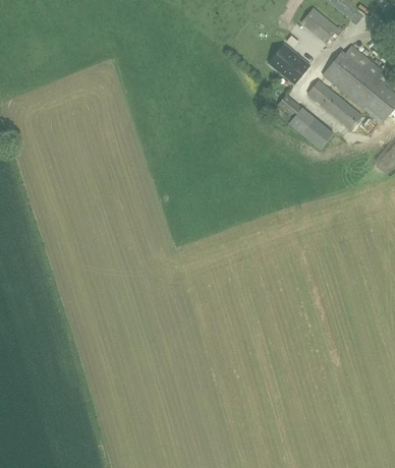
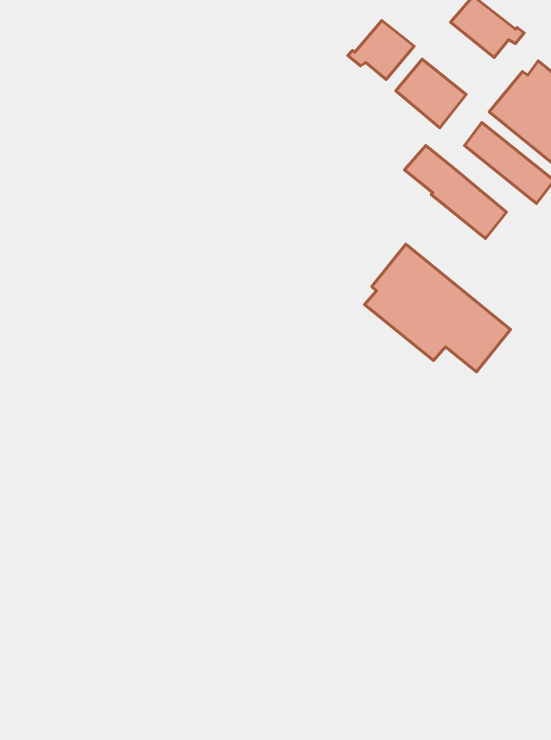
building: none -> [348,20,414,80]
building: none -> [365,244,510,372]

